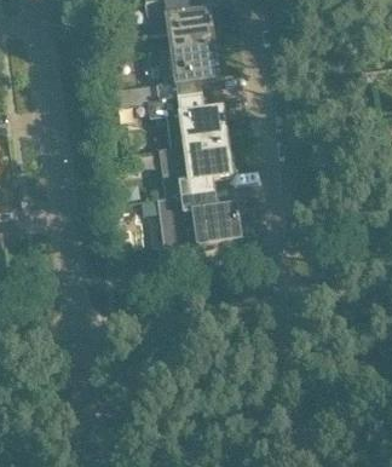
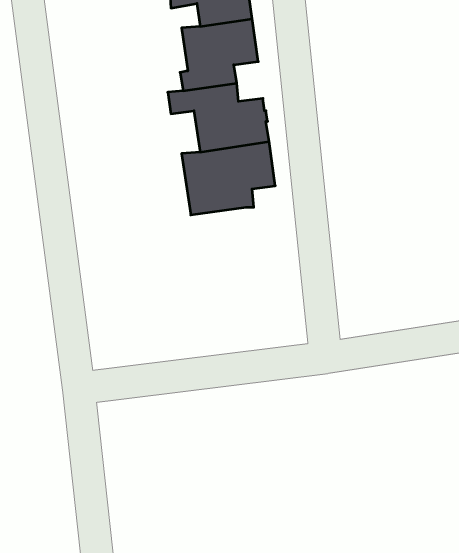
building: [158,189,241,244] -> none

